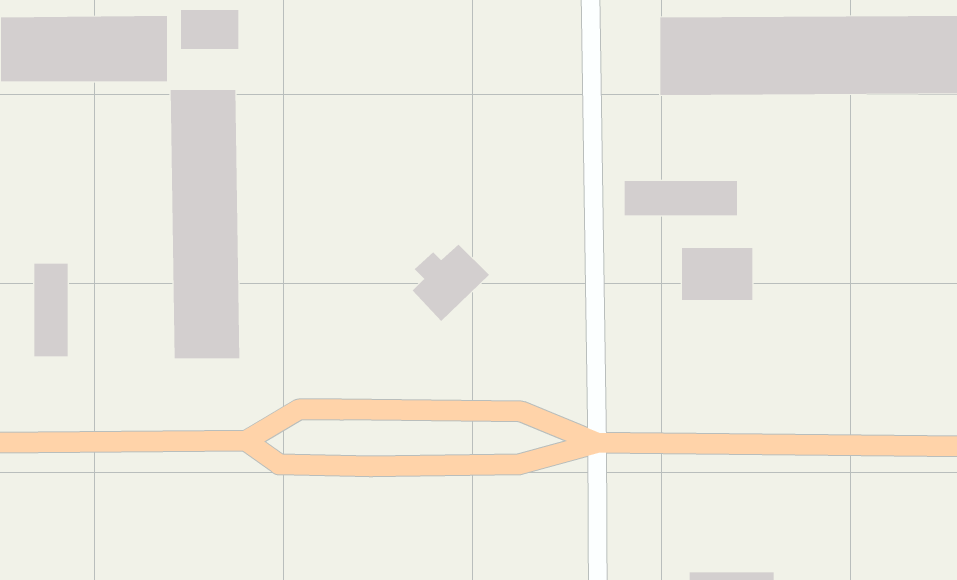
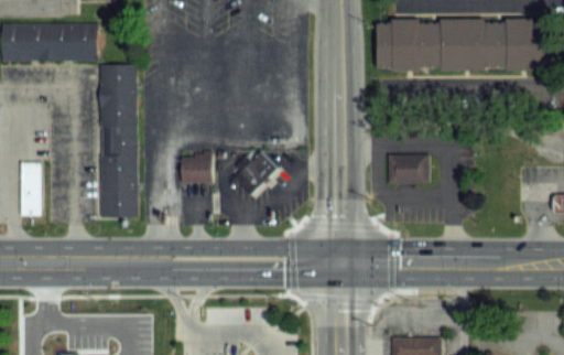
building: [181,9,239,50] -> none
building: [624,180,738,216] -> none
building: none -> [181,152,212,182]

